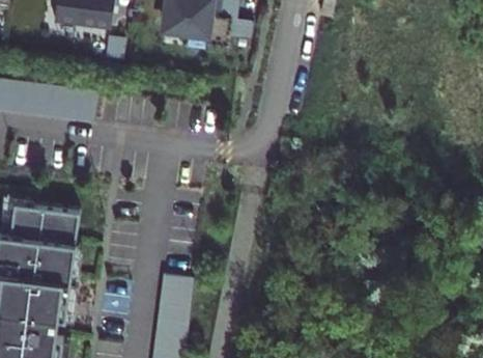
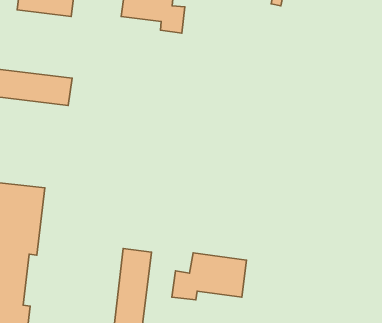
building: none -> [172,253,247,300]

